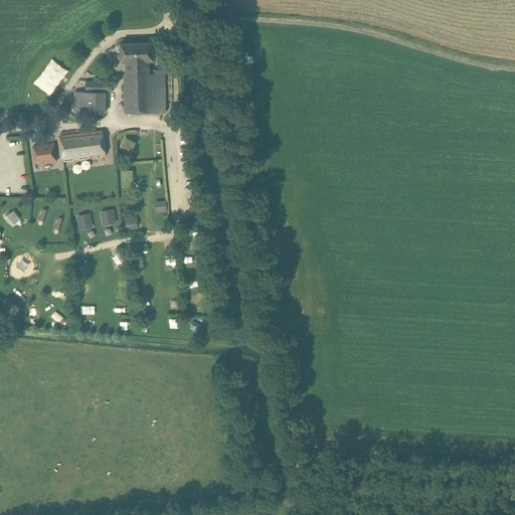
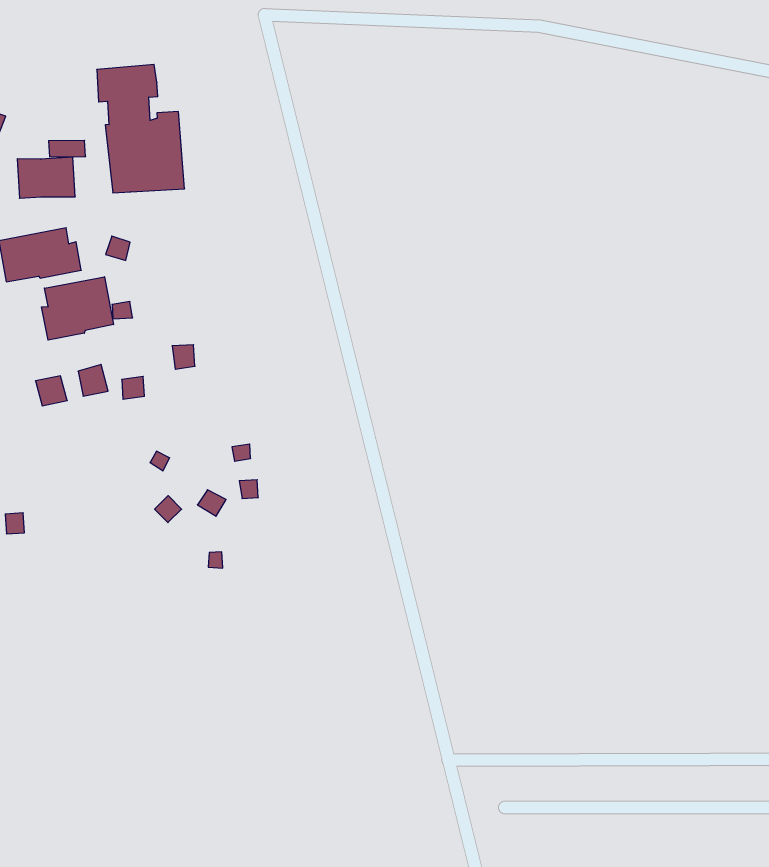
building: none -> [42,277,113,340]

